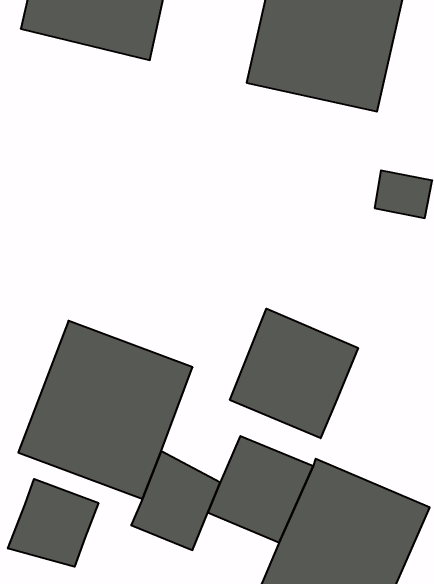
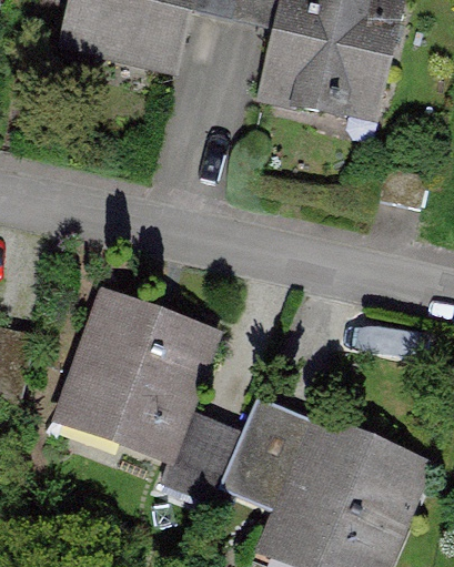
building: [230,309,358,438] -> none
building: [8,479,98,567] -> none

